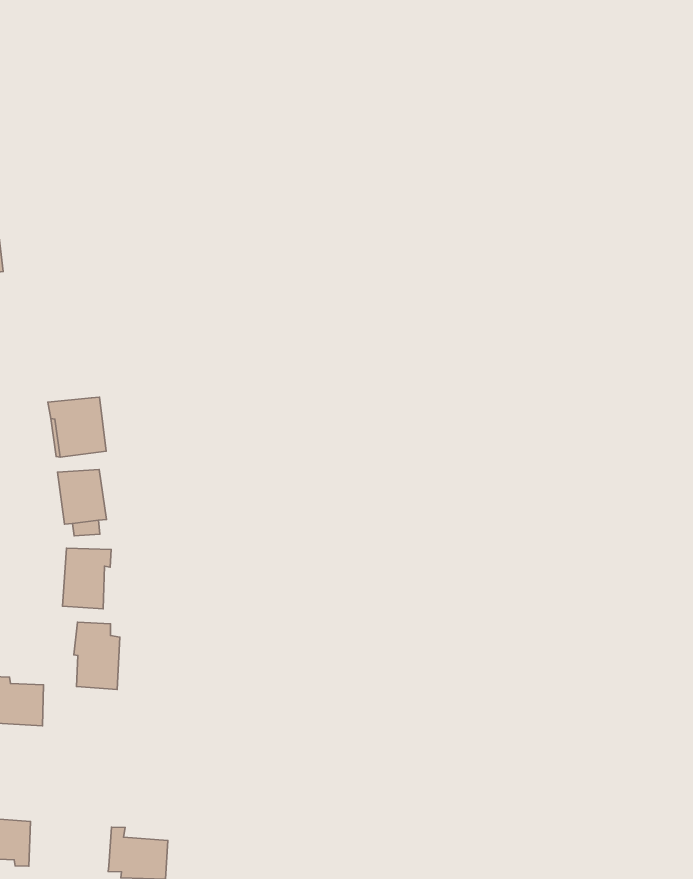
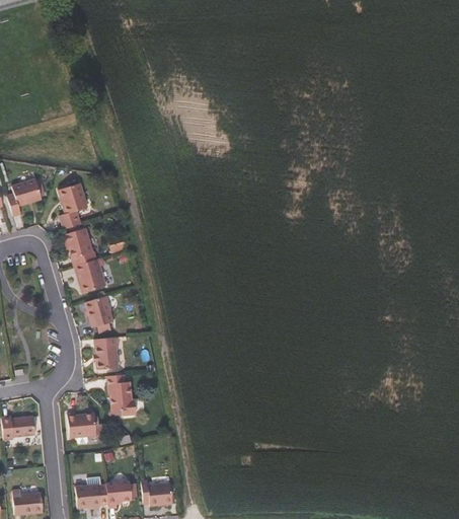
building: none -> [56,184,85,229]
building: none -> [62,227,95,265]
building: none -> [107,479,134,508]

